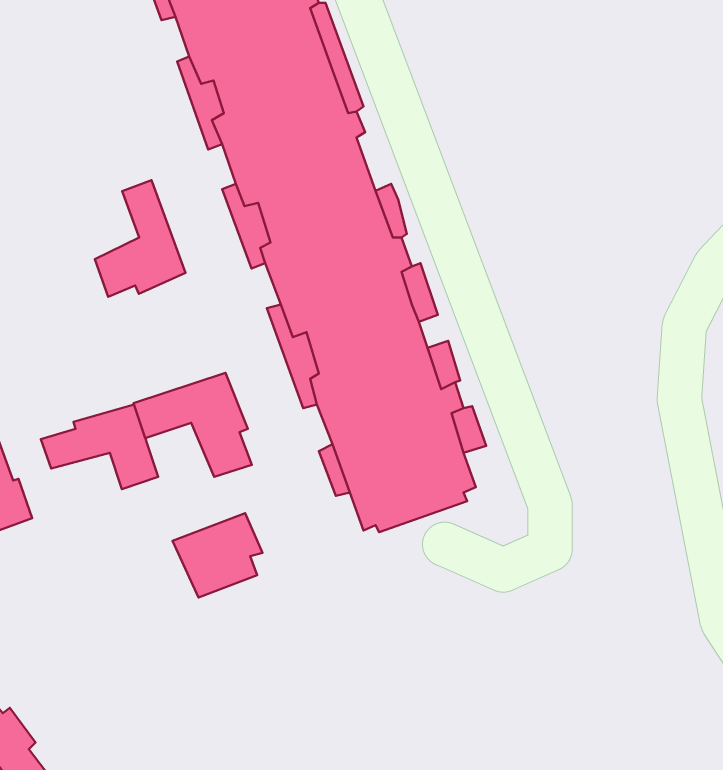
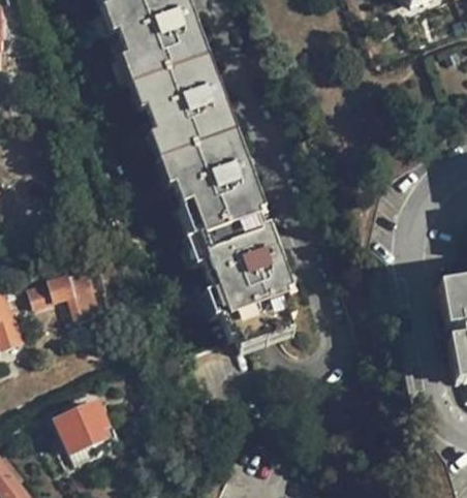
building: [95,180,186,297] -> none
building: [134,373,252,477] -> none
building: [173,513,262,598] -> [61,395,115,445]

